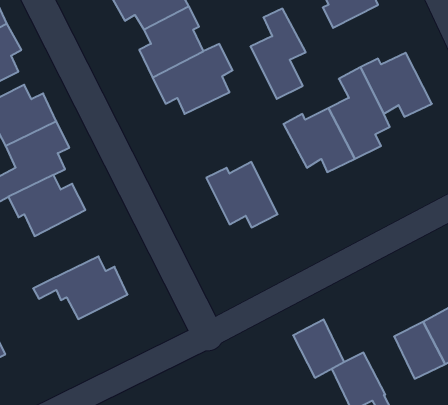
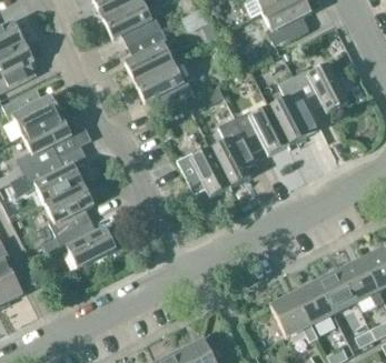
building: [250,9,306,99] -> [210,117,253,185]
building: none -> [44,182,93,235]
building: [293,319,344,378] -> [296,279,335,323]

